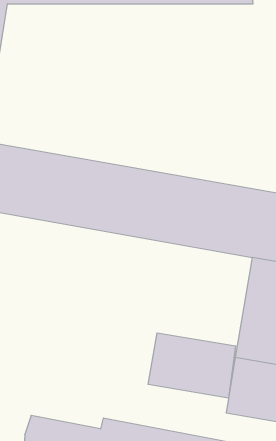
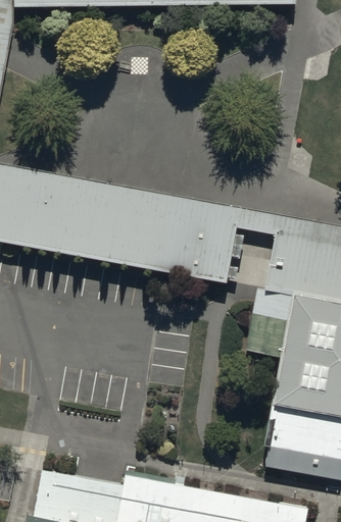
building: [148,333,236,398] -> none

